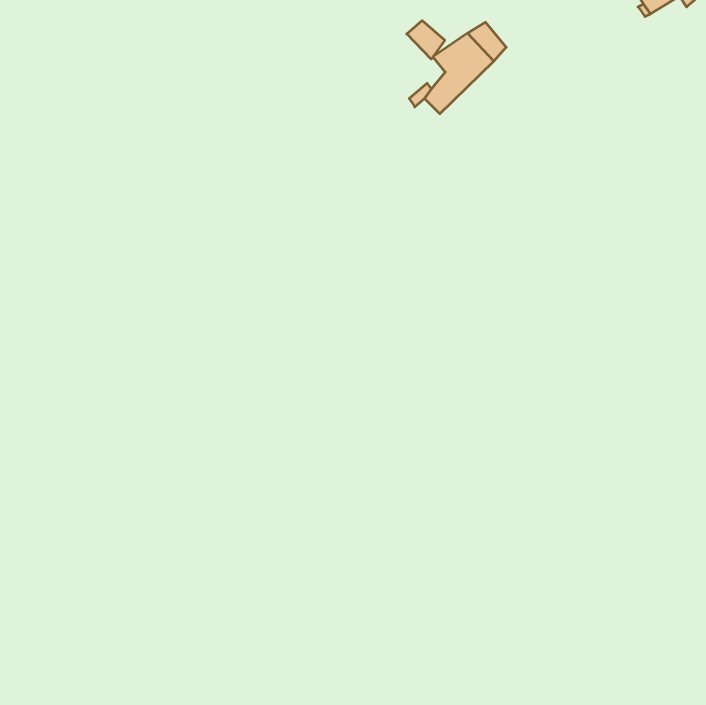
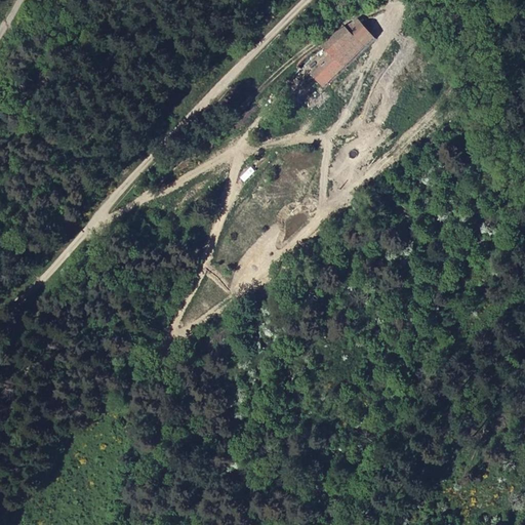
building: [407,21,445,59] -> none

